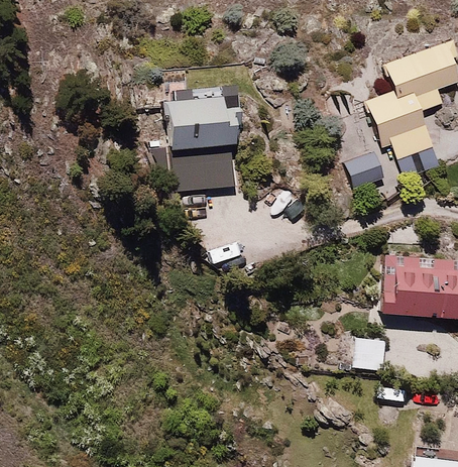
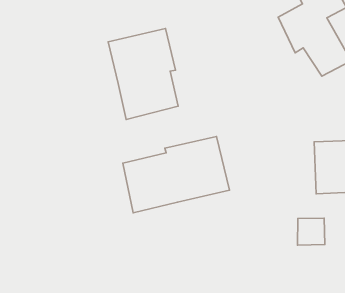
building: [347,152,386,189] -> none
building: none -> [123,136,229,213]

